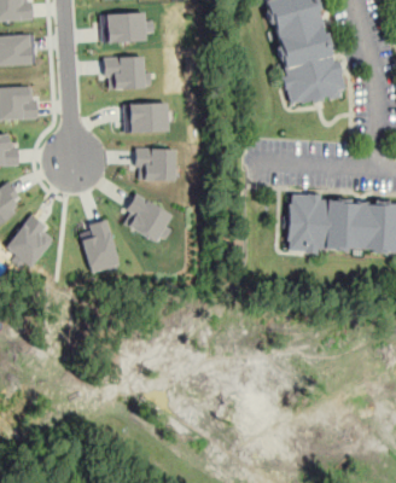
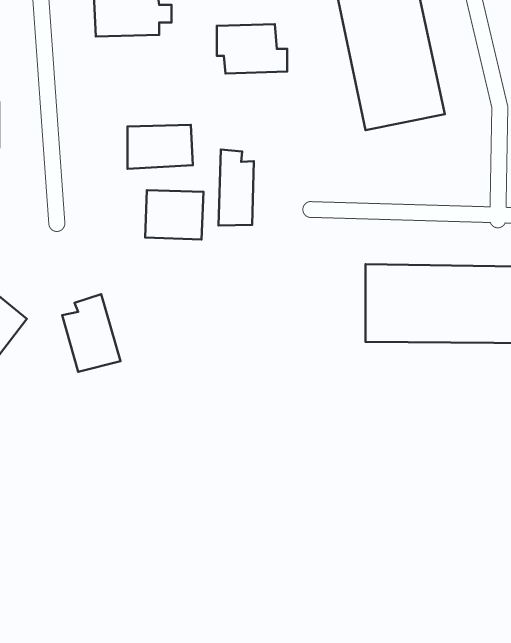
building: [104,56,152,89] -> [217,24,287,73]
building: none -> [219,150,254,226]
building: [122,196,171,240] -> none

